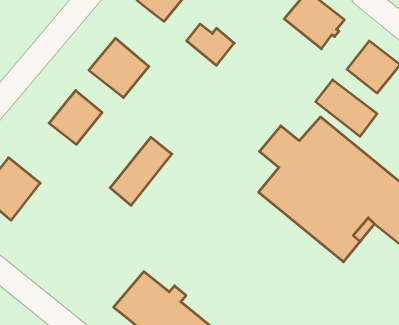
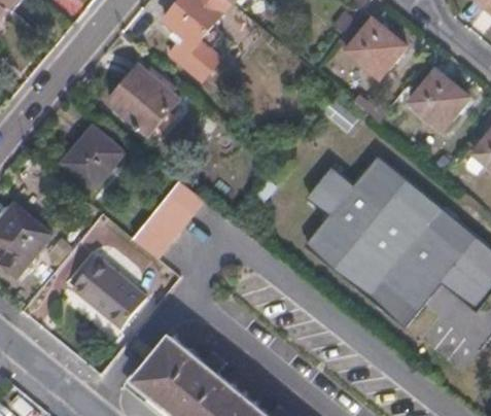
building: [187,24,234,65] -> [165,34,220,82]
building: [316,80,377,136] -> none
building: none -> [70,256,145,327]

